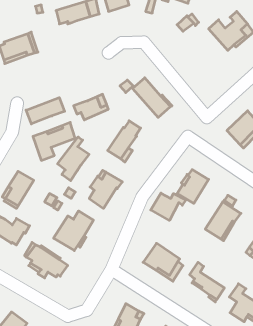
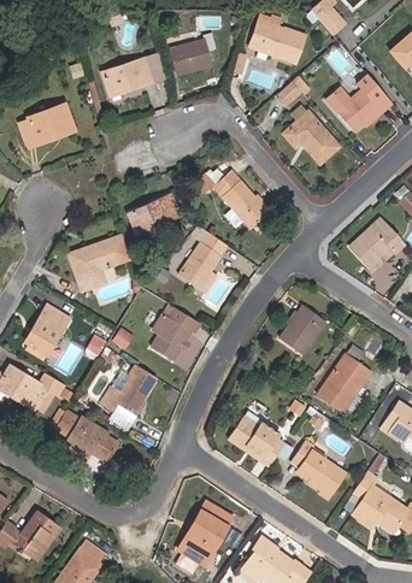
building: none -> [284,110,341,163]
building: [26,98,65,124] -> none
building: [58,137,89,181] -> none
building: [151,193,186,220] -> none

